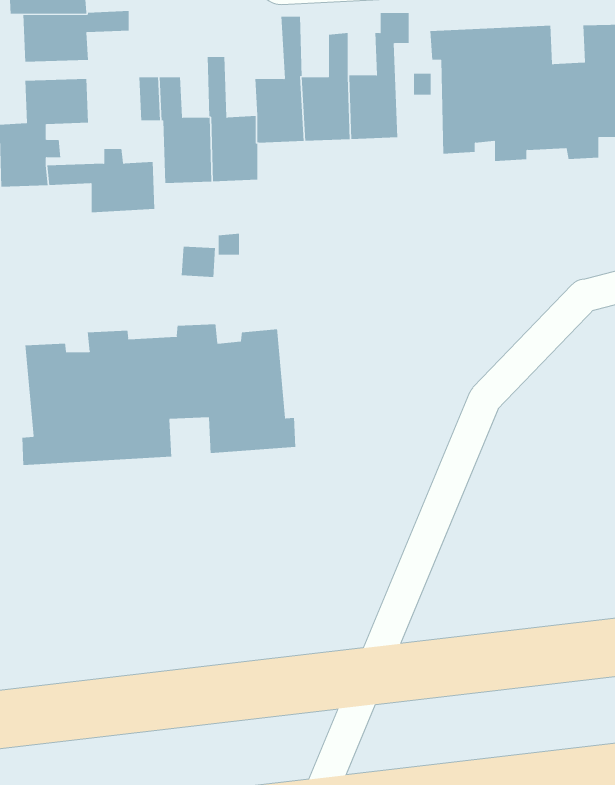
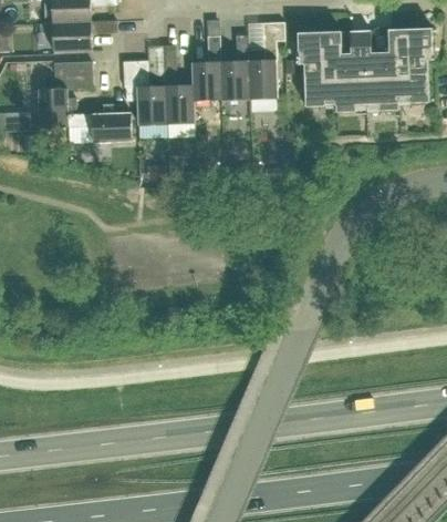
building: [22,323,296,466] -> none

